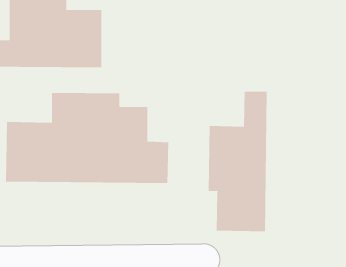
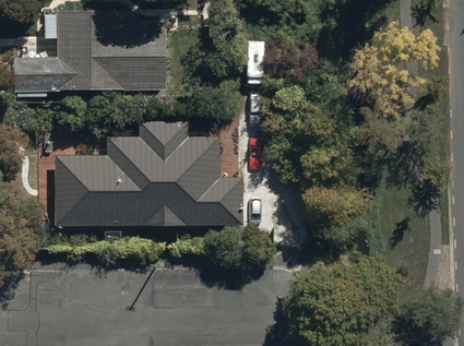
building: [208,91,267,232] -> none

